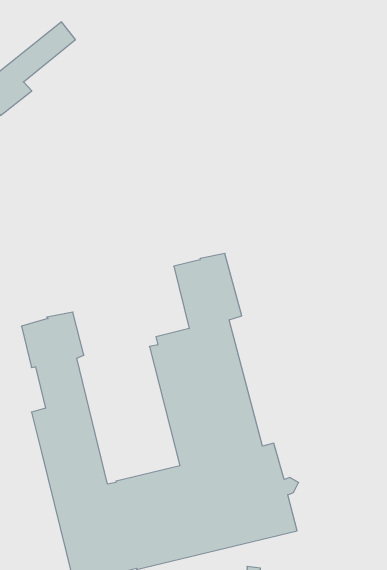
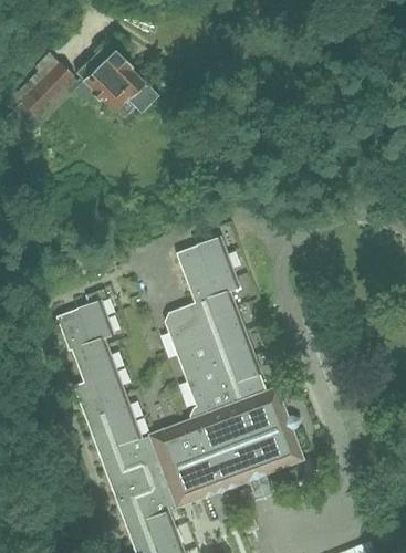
building: none -> [74,43,159,113]

